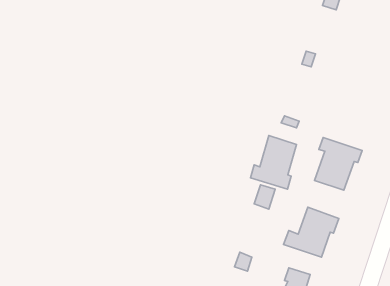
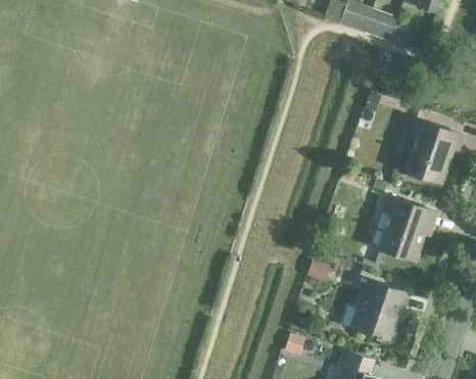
building: none -> [403,120,462,183]
building: [251,136,296,189] -> none

